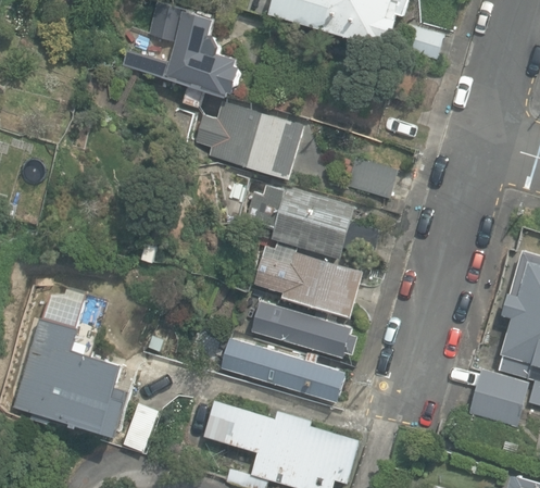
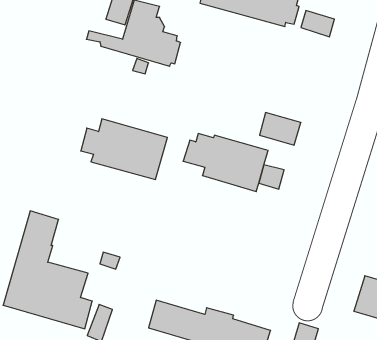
building: [196,101,307,179] -> [81,119,167,179]
building: [252,251,363,318] -> none
building: [250,301,359,358] -> none
building: [219,338,346,402] -> none

